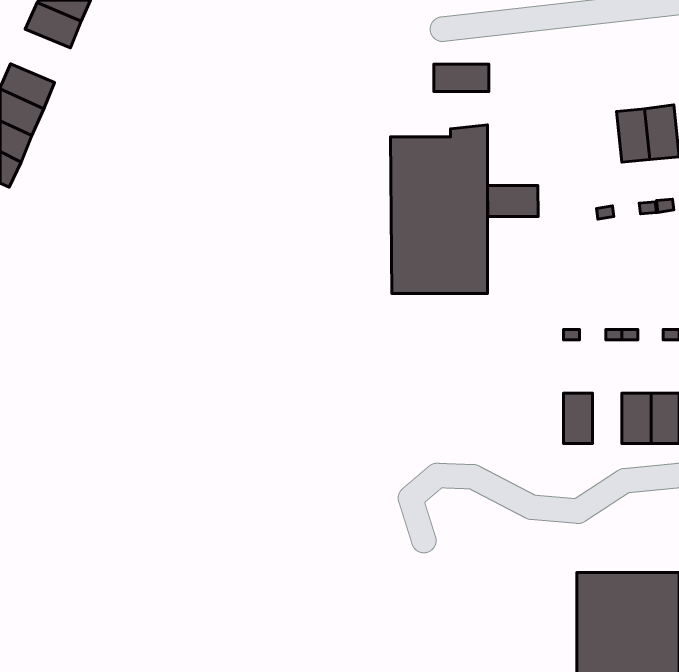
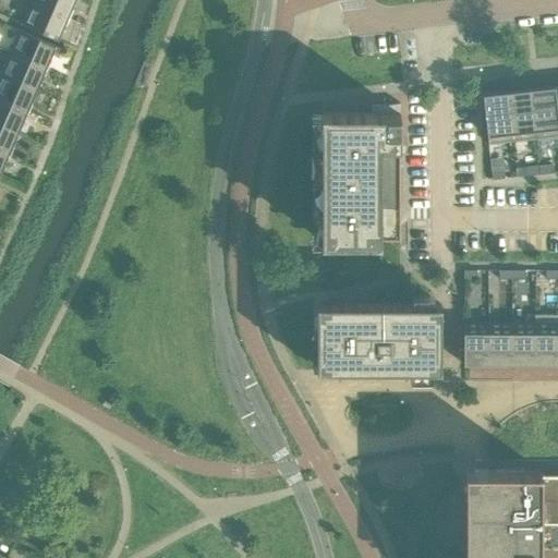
building: none -> [9,35,54,73]
building: [434,64,489,91] -> none
building: none -> [481,97,510,142]
building: [488,186,538,216] -> none
building: none -> [322,310,440,375]
building: none -> [486,328,510,369]

